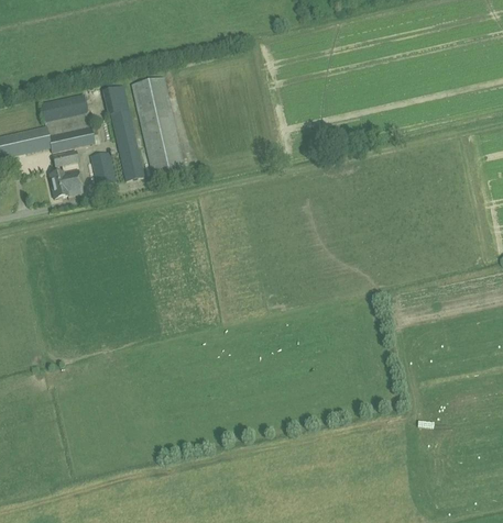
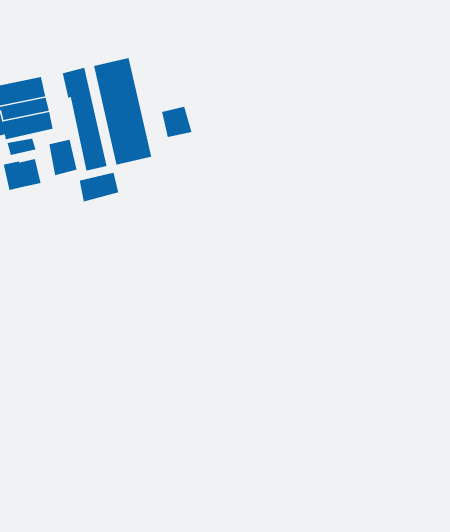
building: none -> [161,106,193,138]
building: none -> [79,172,119,202]

